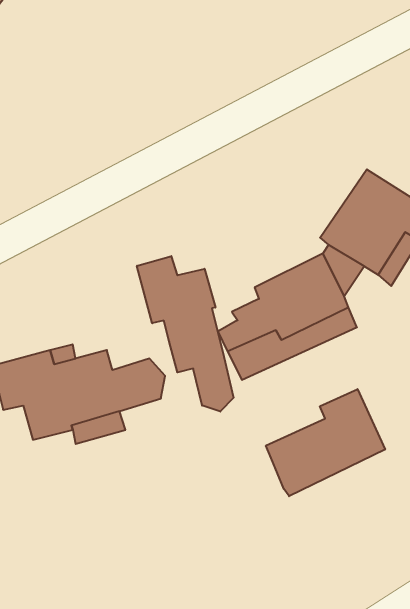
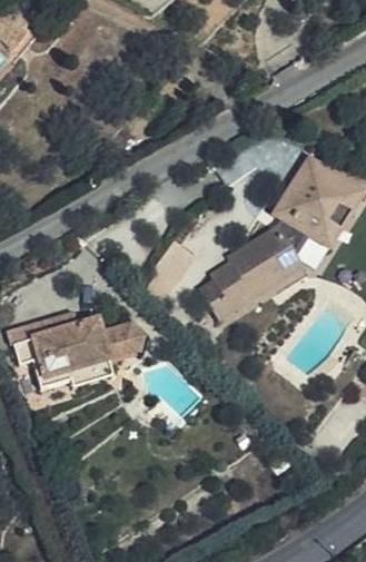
building: [137,256,234,412] -> none
building: [266,389,385,496] -> none

